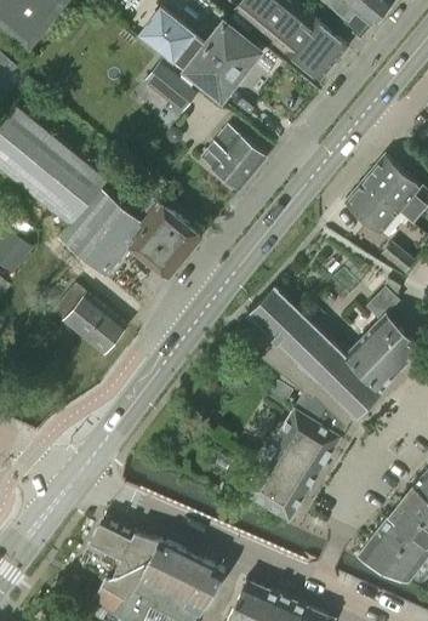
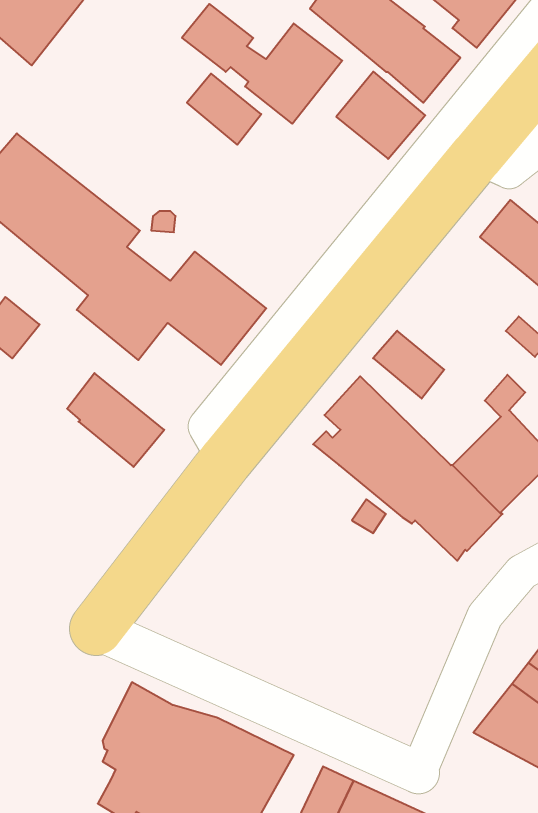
building: [201,126,268,192] -> [336,72,425,159]
building: [346,183,399,234] -> [373,331,444,399]
building: [244,393,346,520] -> none

